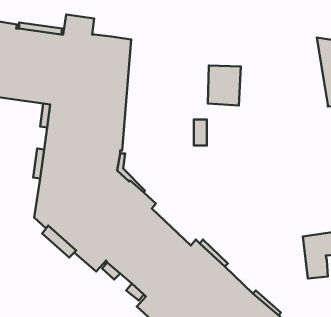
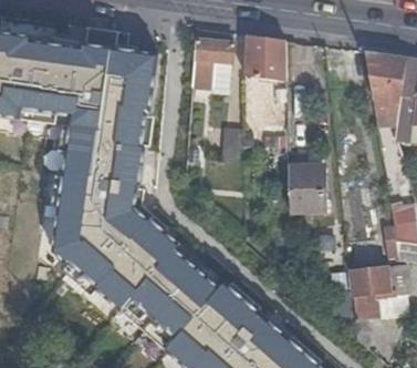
building: none -> [242,34,284,81]
building: none -> [194,40,233,80]
building: none -> [286,165,325,221]

